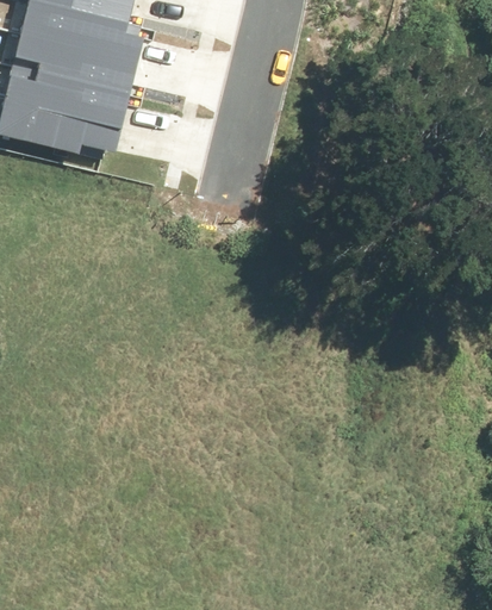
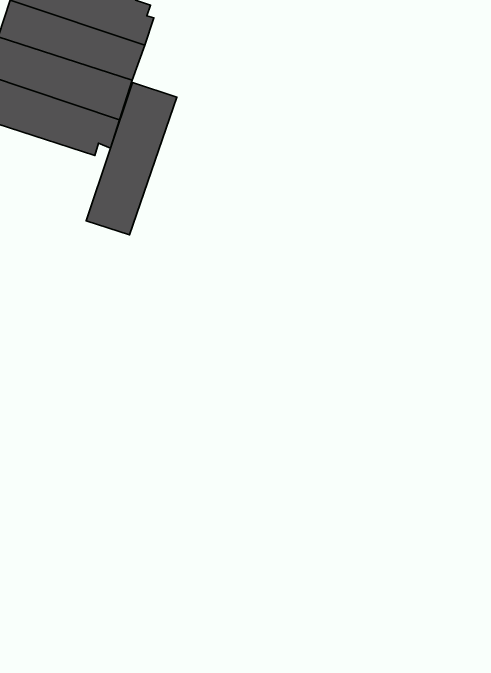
building: none -> [86,83,177,235]

